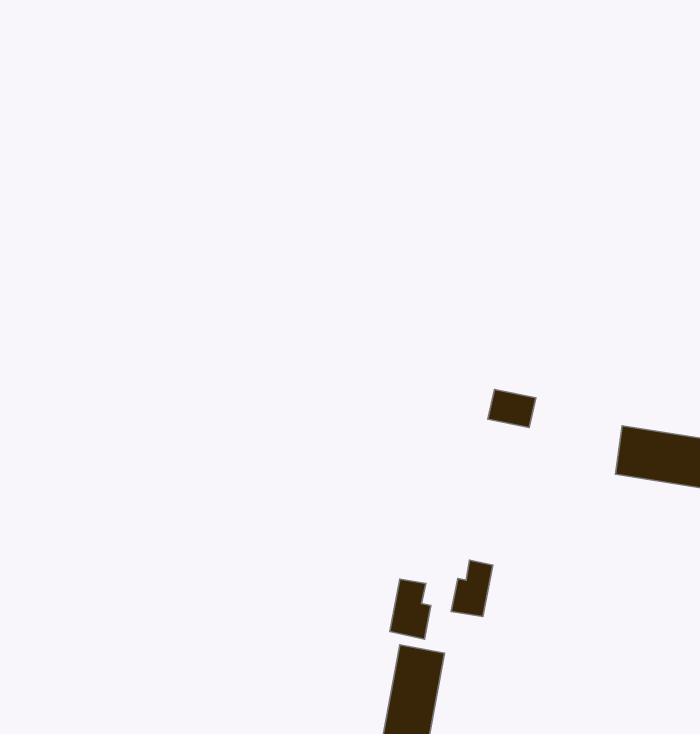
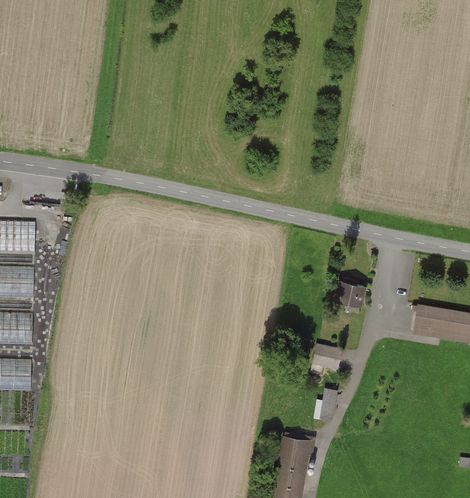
building: none -> [313,345,340,366]
building: [390,579,431,639] -> none

